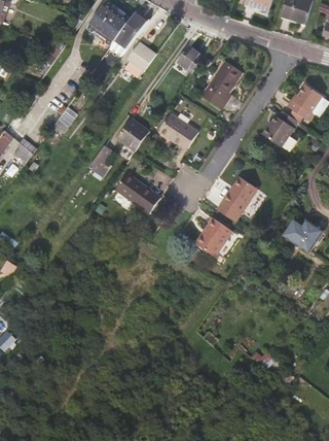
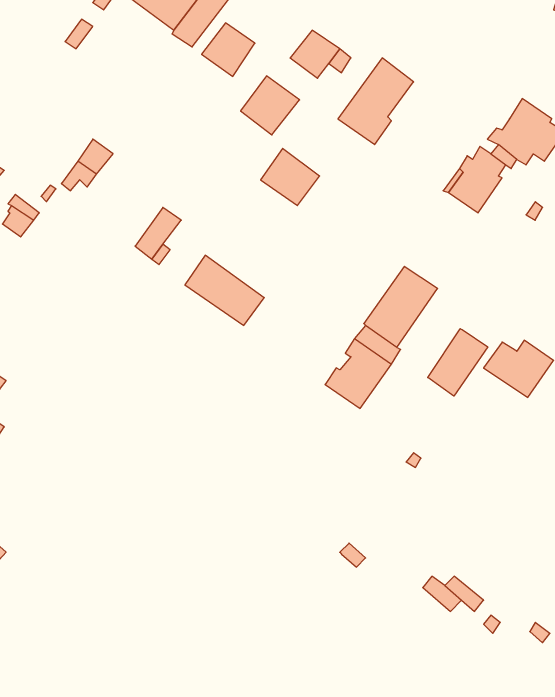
building: [117,117,150,150] -> [241,76,300,135]
building: none -> [428,329,488,396]

